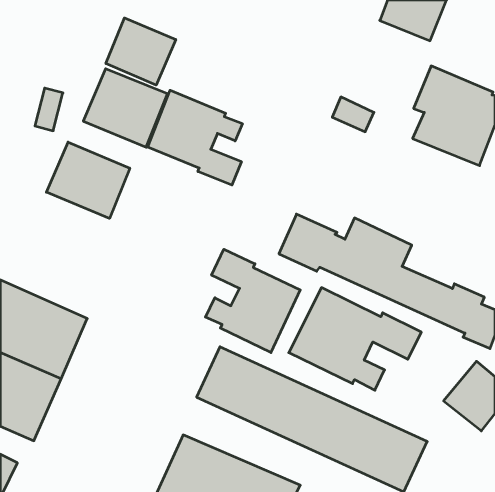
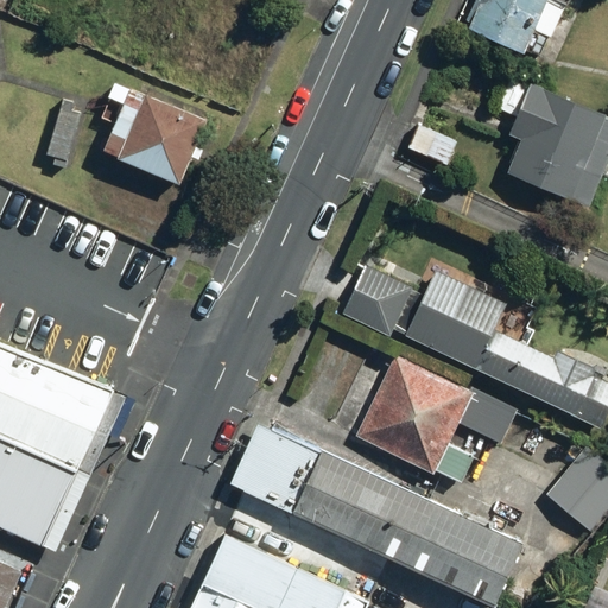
building: [106,18,176,85] -> none
building: [148,90,242,185] -> none
building: [46,142,130,218] -> none
building: [205,249,300,353] -> none

